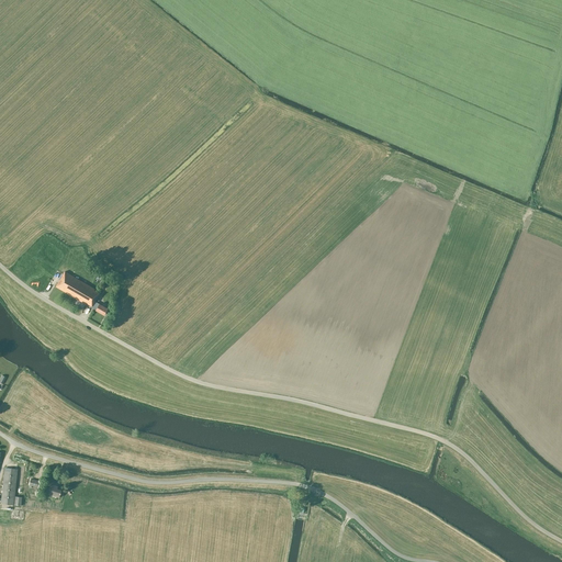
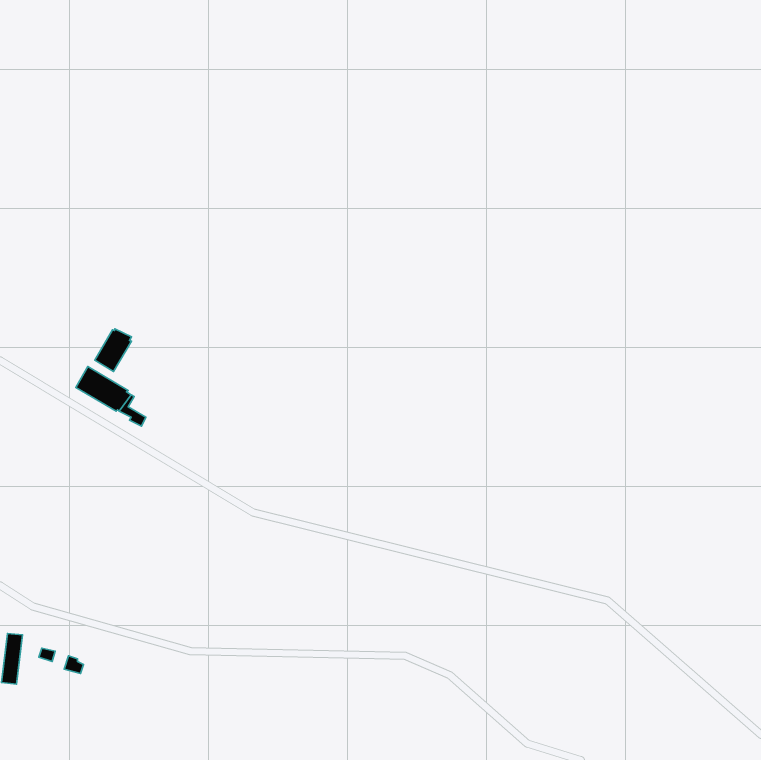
building: none -> [95,329,131,372]

